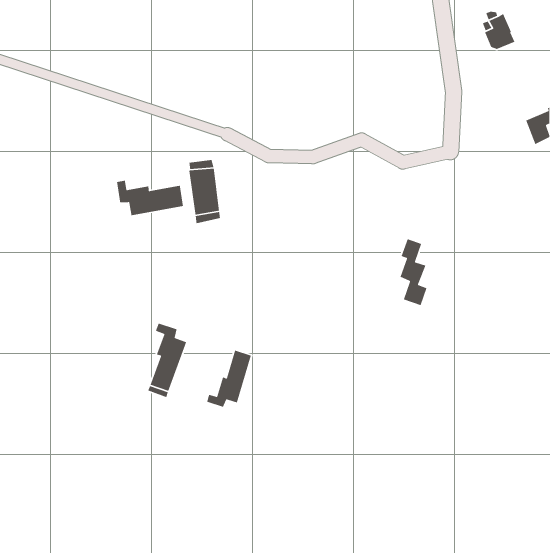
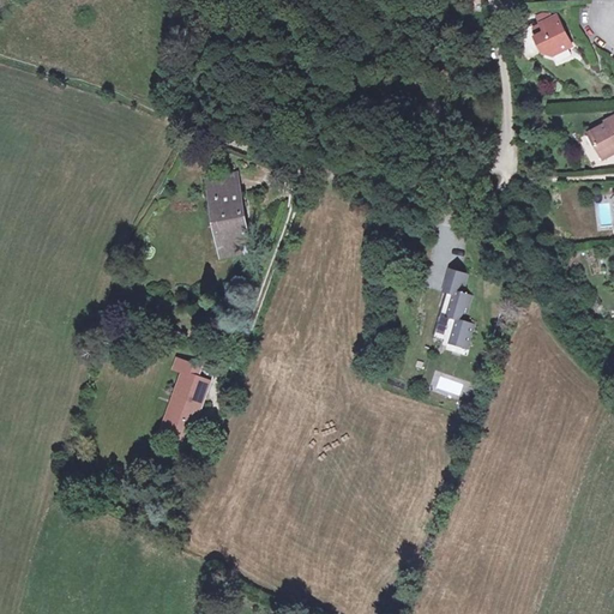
building: [116,180,184,216] -> none
building: [206,349,252,408] -> none

